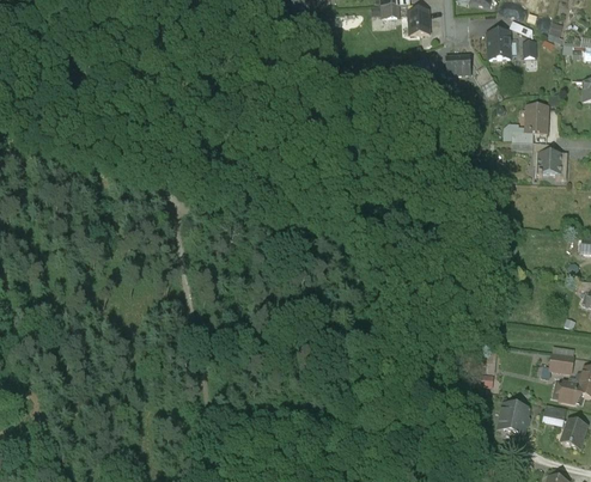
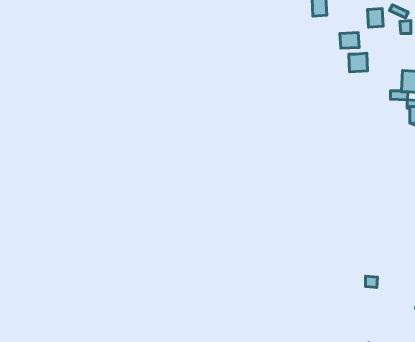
building: none -> [349,53,368,72]
building: [498,403,529,434] -> none

